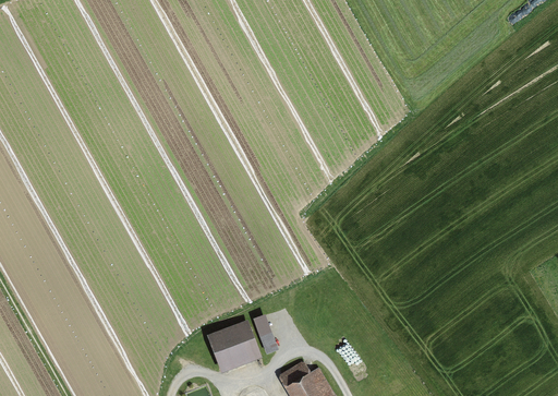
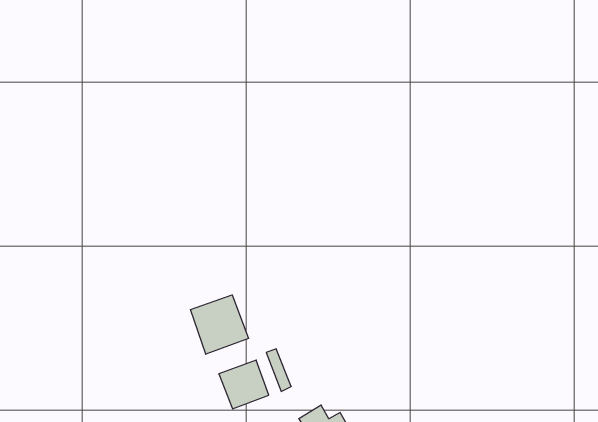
building: none -> [190,295,249,354]

